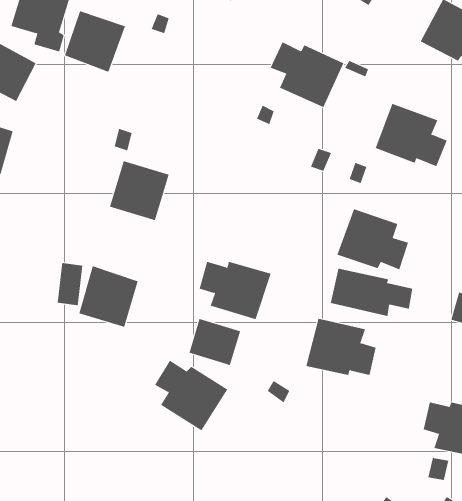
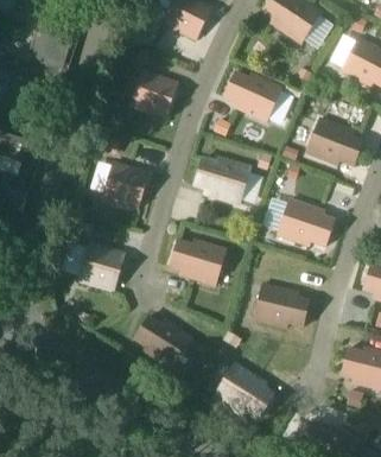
building: [64,11,126,72] -> [131,71,178,119]
building: none -> [196,158,250,204]
building: [330,268,413,317] -> none
building: [189,318,241,366] -> none
building: none -> [214,364,271,419]

